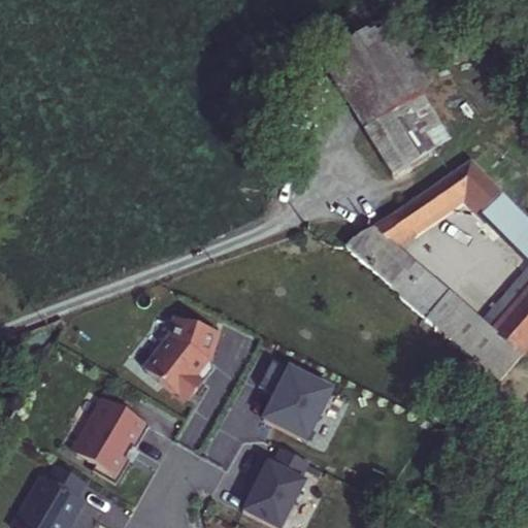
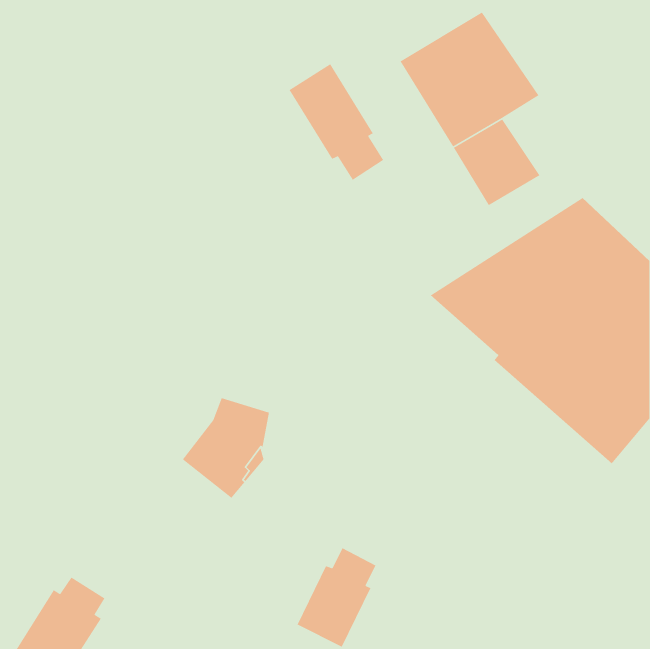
building: none -> [288,63,384,181]
building: [256,357,329,437] -> none
building: [77,401,150,486] -> none

